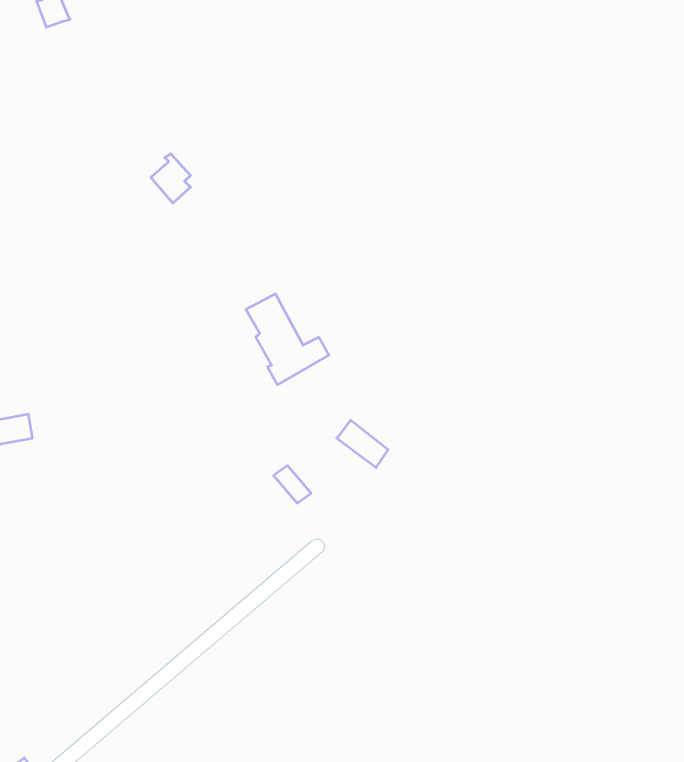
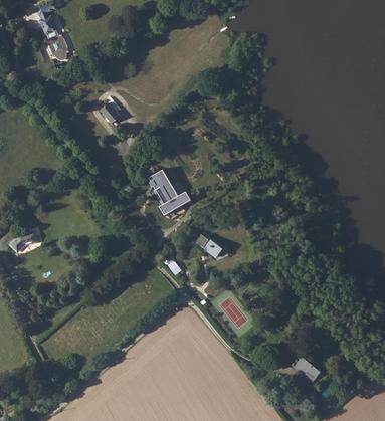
building: none -> [47,30,69,60]
building: none -> [294,356,323,383]

